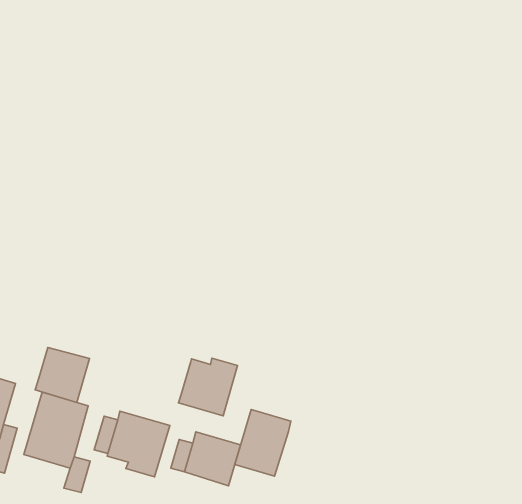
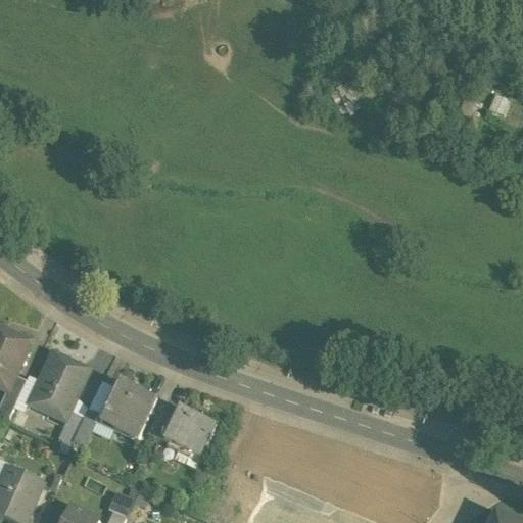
building: [35,348,90,402] -> none
building: [178,358,238,416] -> none
building: [235,410,291,476] -> none

